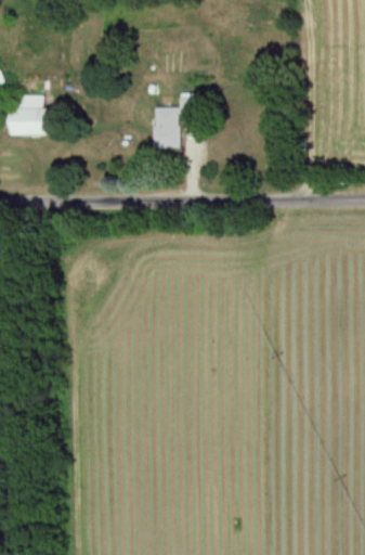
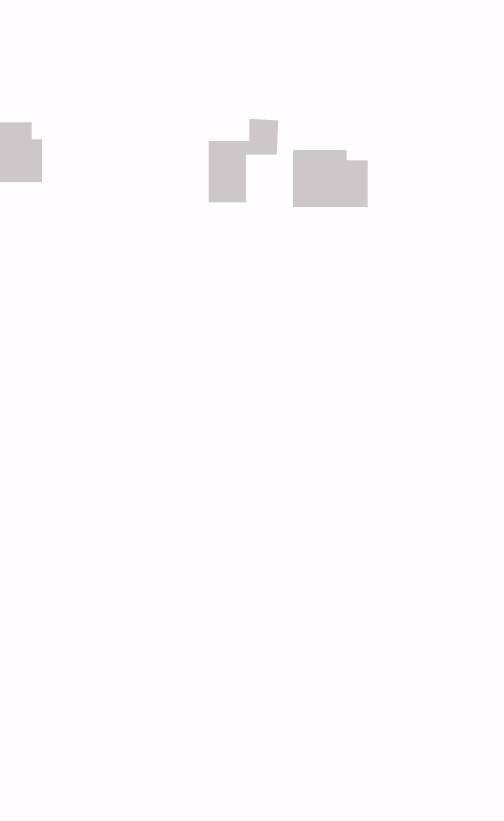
building: none -> [292,149,369,208]

